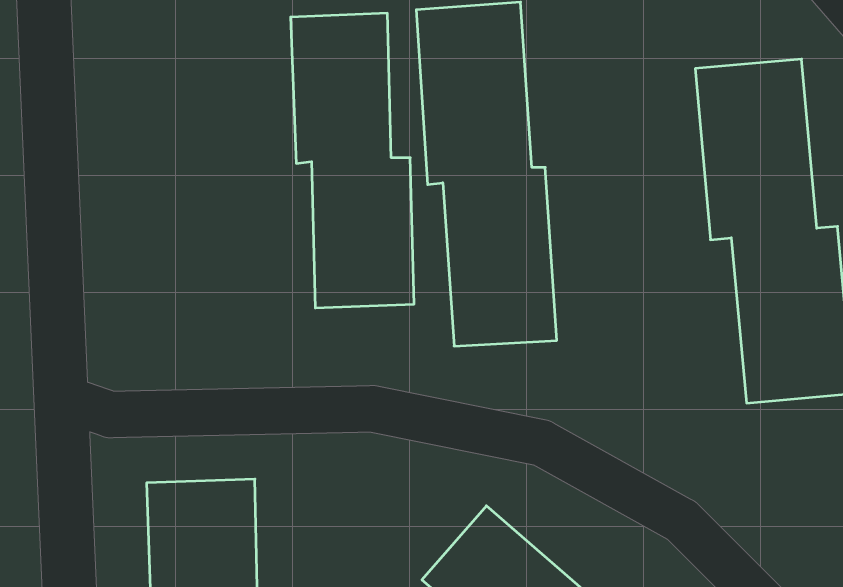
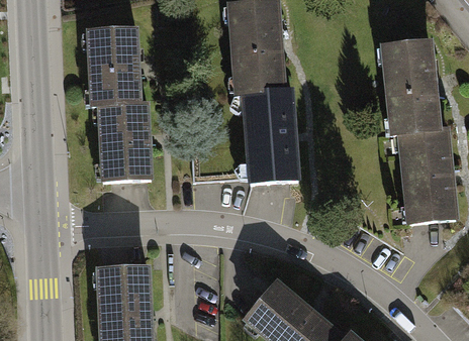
building: [291,13,414,308] -> [87,34,153,191]

